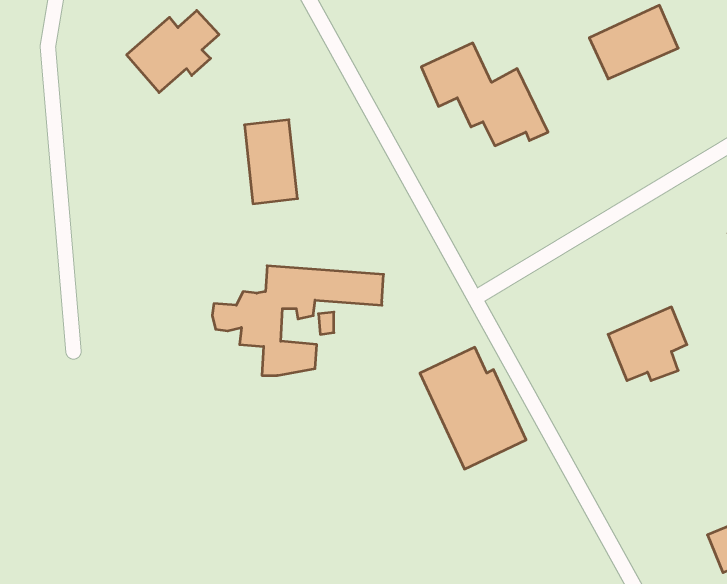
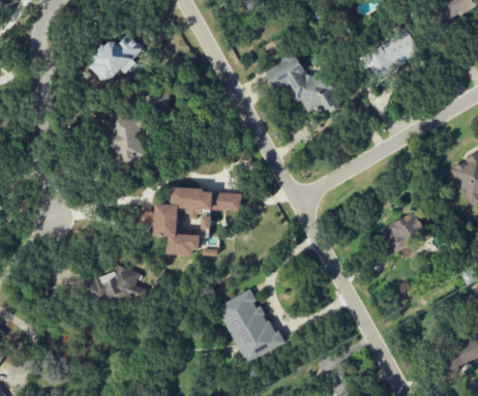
building: [244,120,298,204] -> [112,115,144,165]
building: [420,347,526,469] -> [218,290,282,363]
building: none -> [85,267,142,305]

